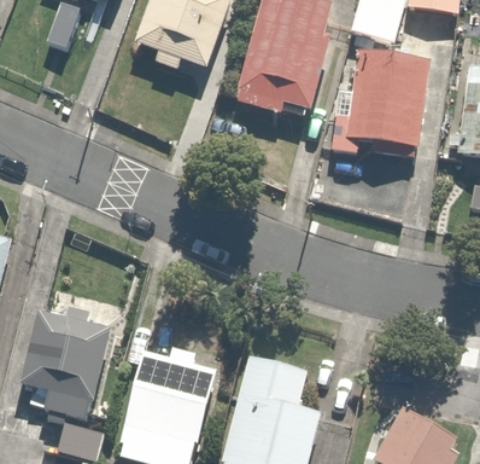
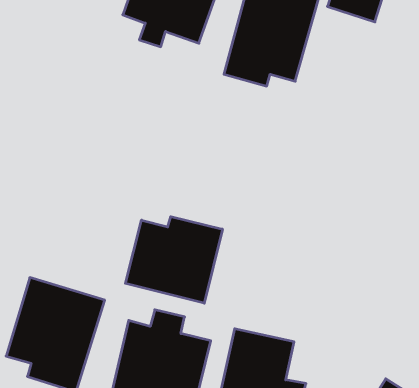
building: [330,52,427,156] -> none
building: none -> [125,217,222,303]

